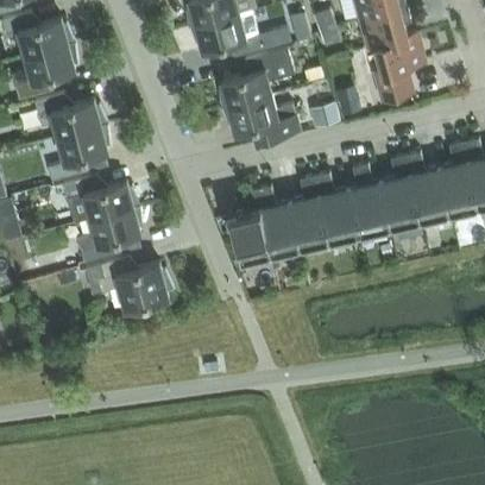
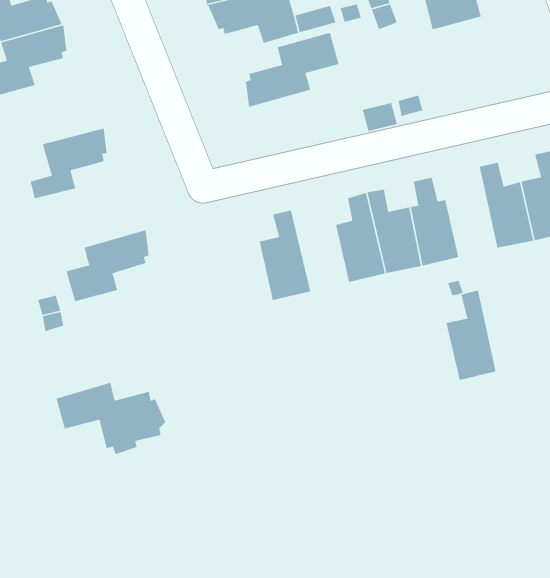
building: [374,33,423,99] -> none
building: [34,93,107,137] -> none
building: [221,94,298,140] -> none
building: [378,155,418,227] -> [446,290,497,381]
building: [62,175,140,219] -> none
building: [256,185,301,254] -> none
building: [84,256,172,314] -> [55,382,166,455]

